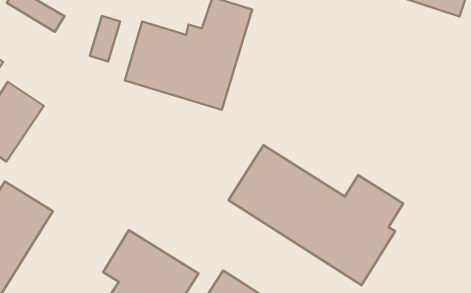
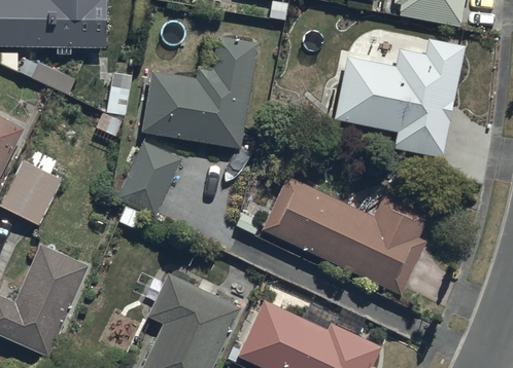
building: none -> [333,37,464,156]
building: none -> [115,139,180,227]

